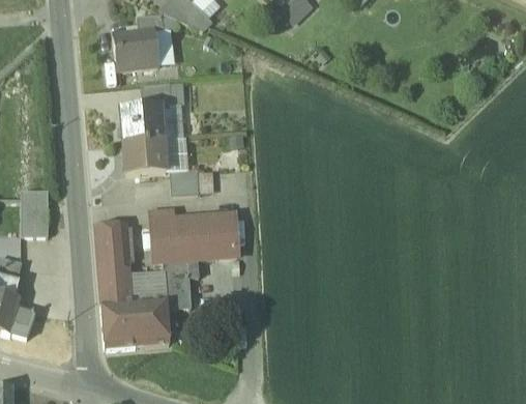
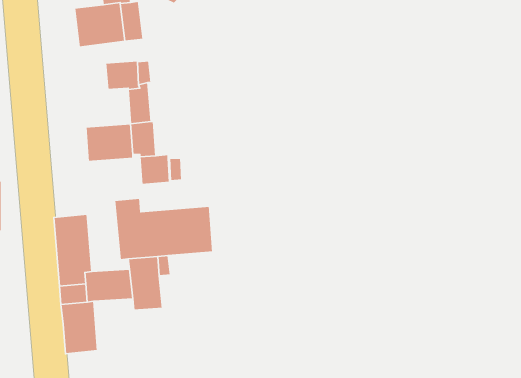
building: [121,107,164,142] -> none
building: [130,297,170,344] -> none

